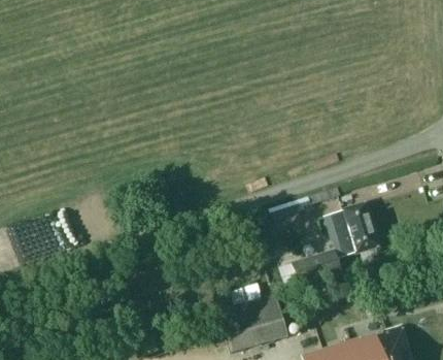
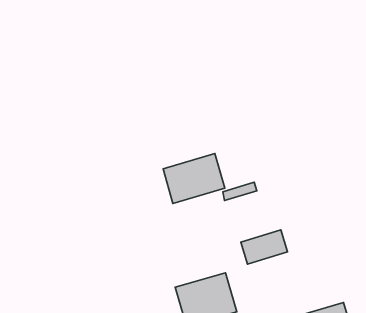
building: none -> [163,153,225,203]
building: [332,205,376,256] -> none

